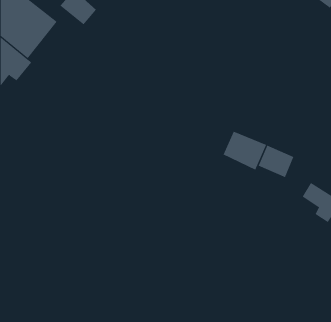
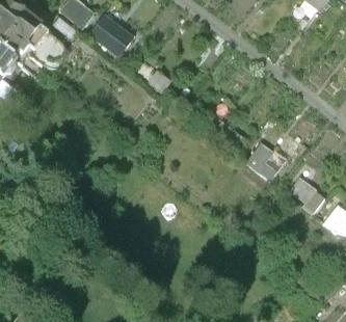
building: none -> [90,17,137,61]
building: [223,131,267,171] -> none

